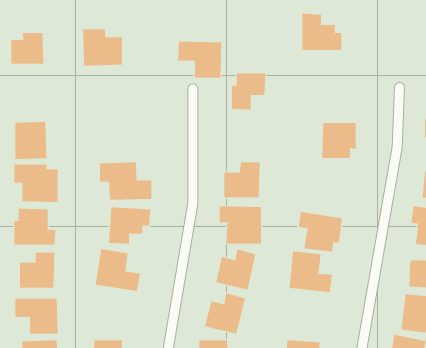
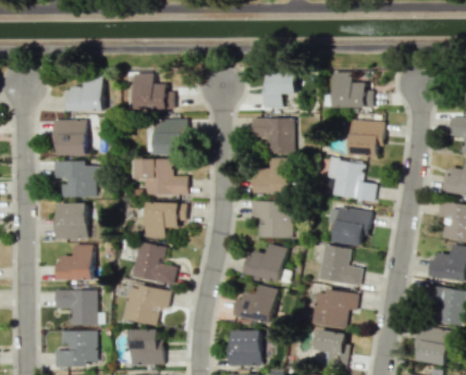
building: [302,13,342,50] -> [334,72,373,108]
building: [82,29,123,66] -> [135,74,174,110]
building: [10,33,44,64] -> [72,80,105,111]
building: [177,41,222,78] -> [252,117,295,153]
building: none -> [155,118,185,155]
building: none -> [327,159,376,201]
building: none -> [122,283,171,325]
building: none -> [312,290,357,327]

